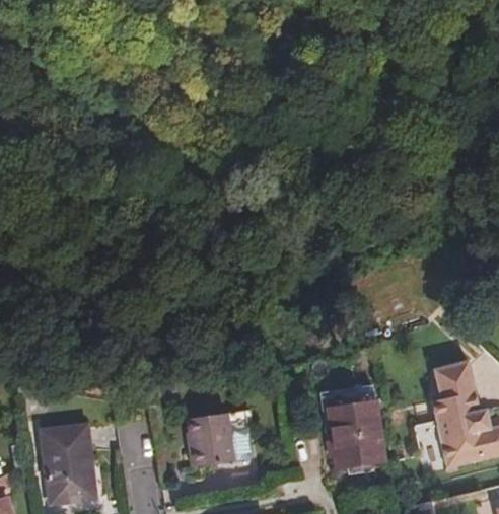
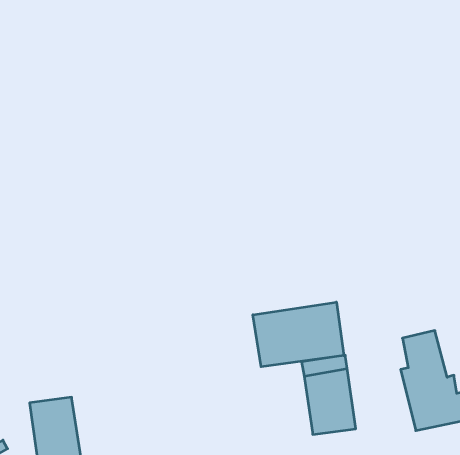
building: none -> [253,302,344,367]
building: [188,413,234,467] -> none

